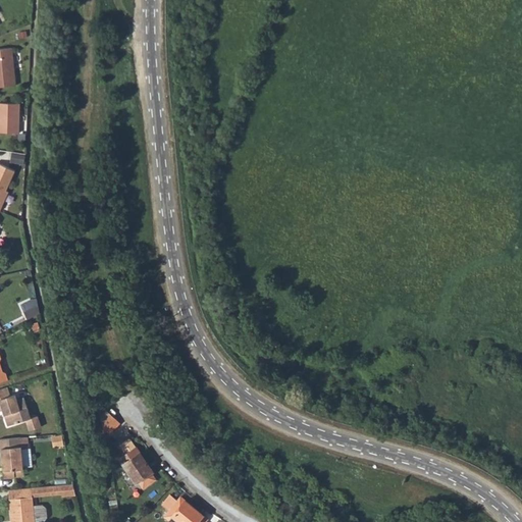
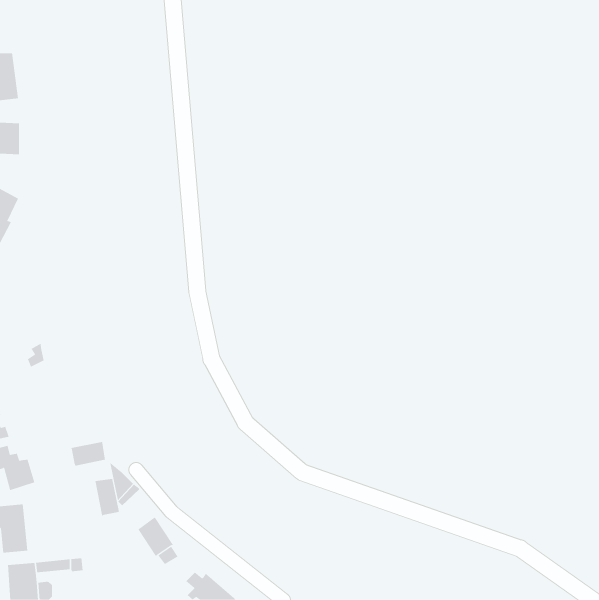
building: none -> [71,441,105,466]
building: none -> [95,478,120,516]

